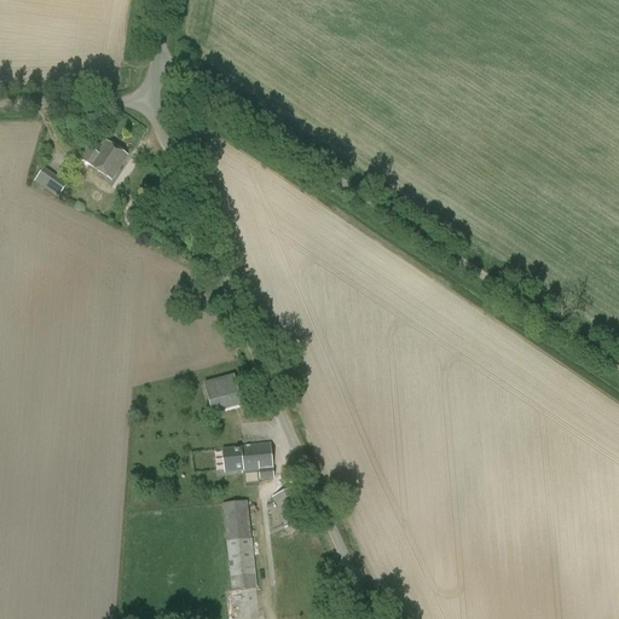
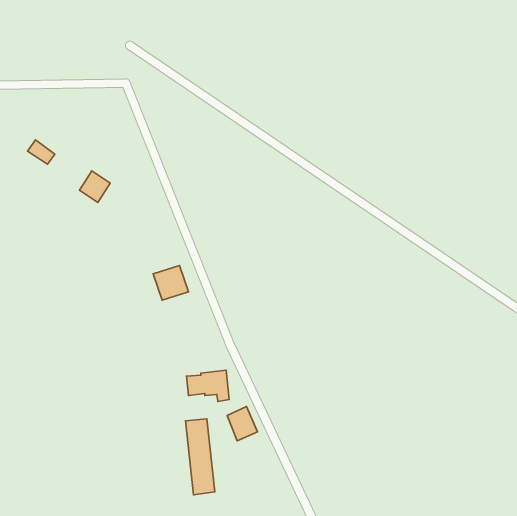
building: [89,140,126,178] -> [80,171,110,202]
building: [206,370,248,411] -> [153,266,189,300]

